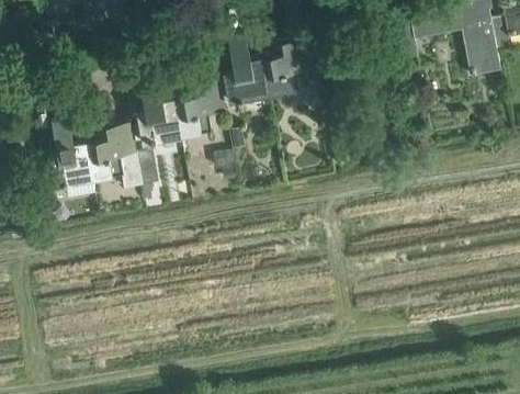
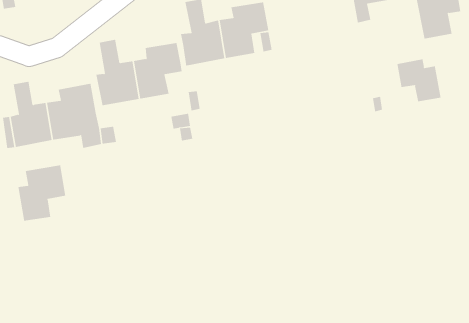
building: none -> [397,58,441,102]
building: none -> [18,165,66,222]

